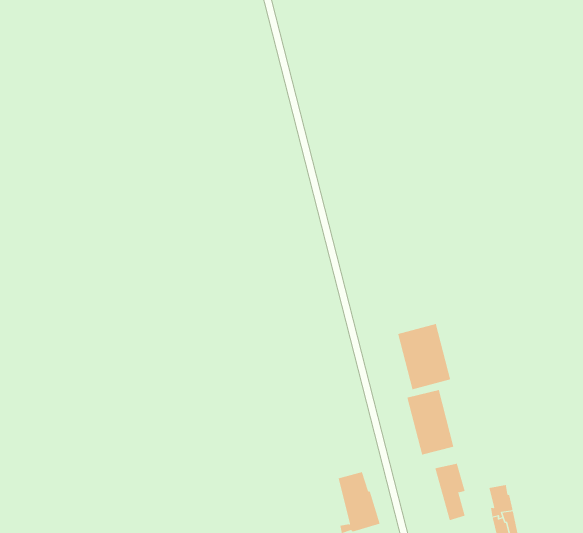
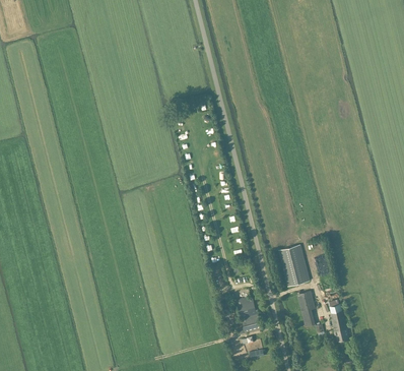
building: [398,323,451,390] -> none

